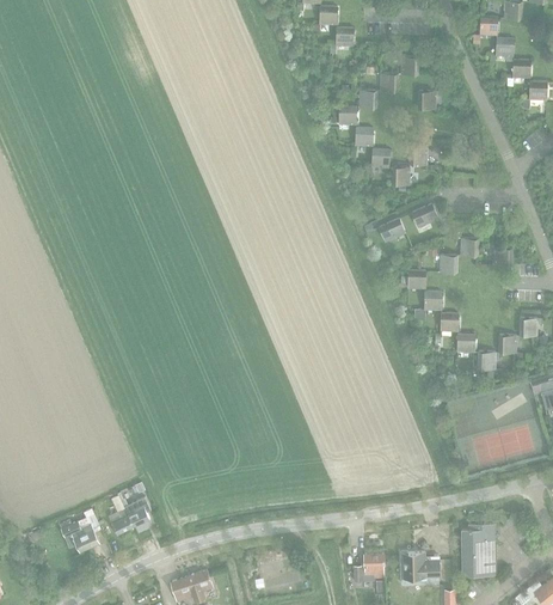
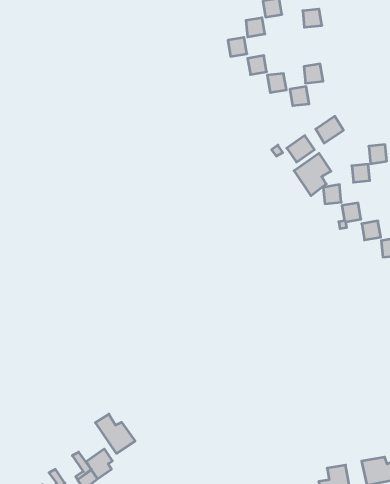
building: none -> [294,153,331,196]
building: none -> [95,414,135,453]

